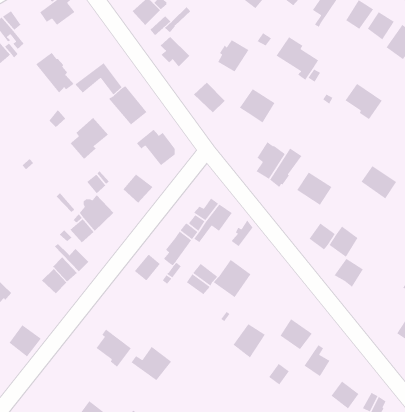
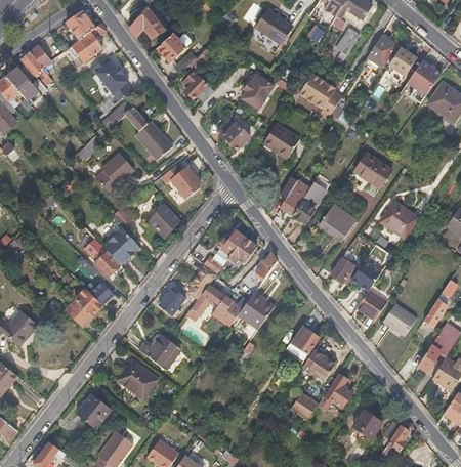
building: [35,52,75,93] -> [93,58,132,99]
building: [344,83,383,120] -> [353,153,391,189]
building: none -> [382,302,416,335]
building: [233,323,266,359] -> [286,327,319,362]
building: [9,324,42,357] -> [77,394,110,427]
building: [131,346,172,381] -> [139,333,180,368]

